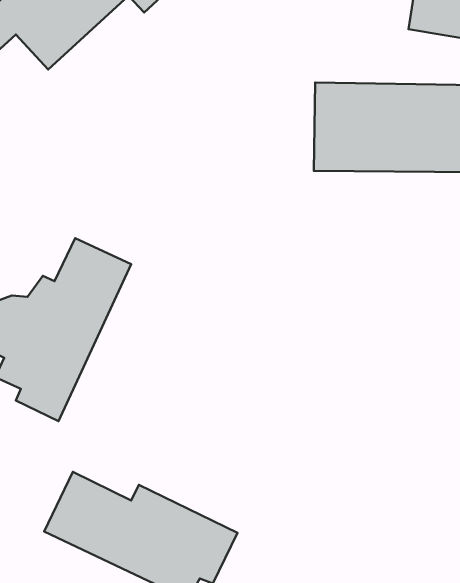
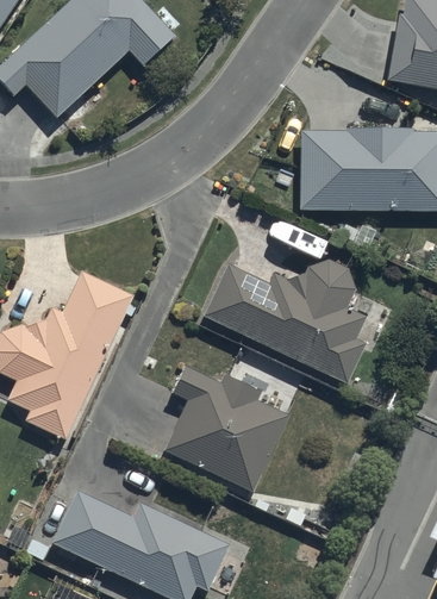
building: none -> [201,260,368,385]
building: none -> [160,363,291,494]

